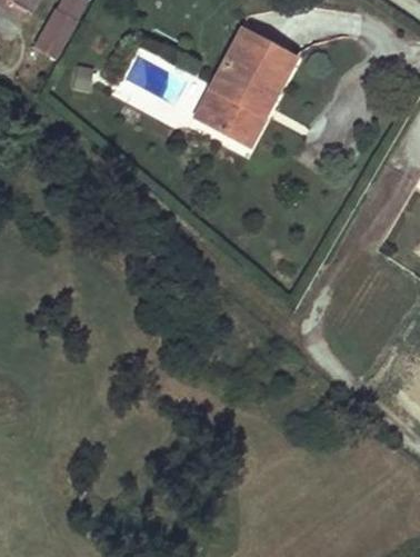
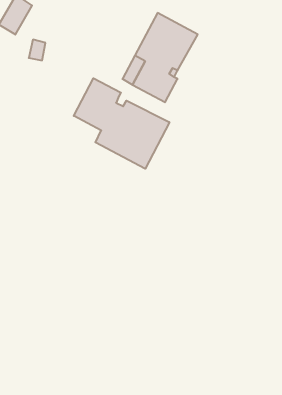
building: none -> [74,78,169,169]

